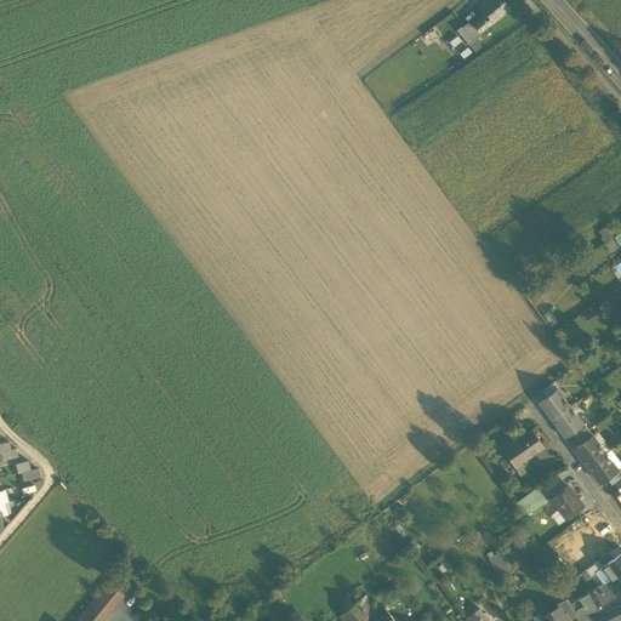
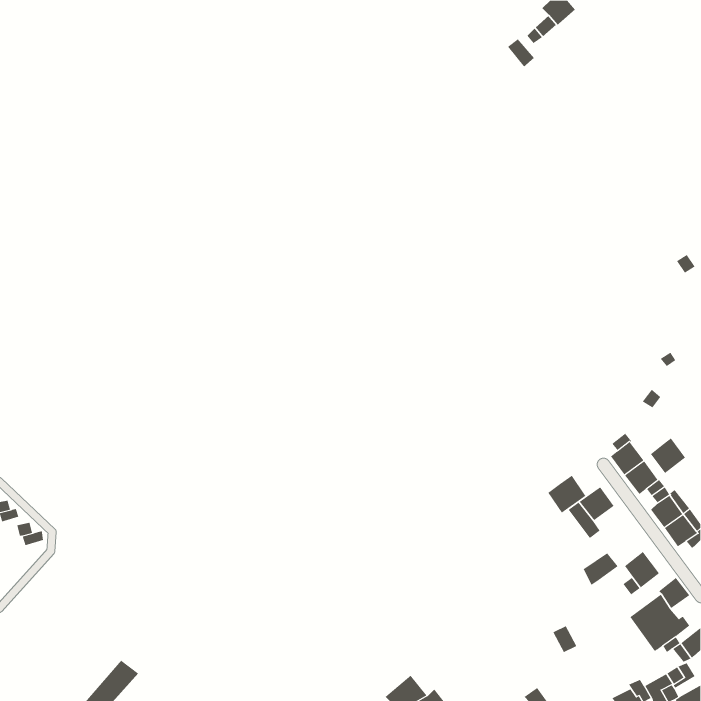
building: none -> [650,437,686,474]
building: none -> [547,475,586,514]

